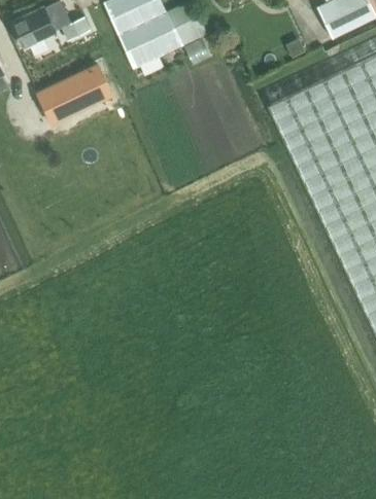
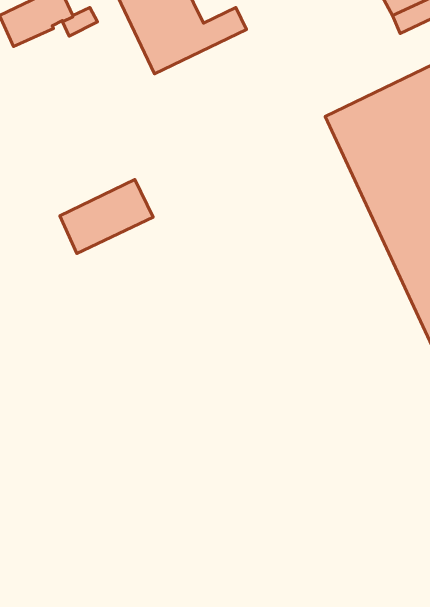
building: [37,66,111,124] -> [60,180,153,253]

